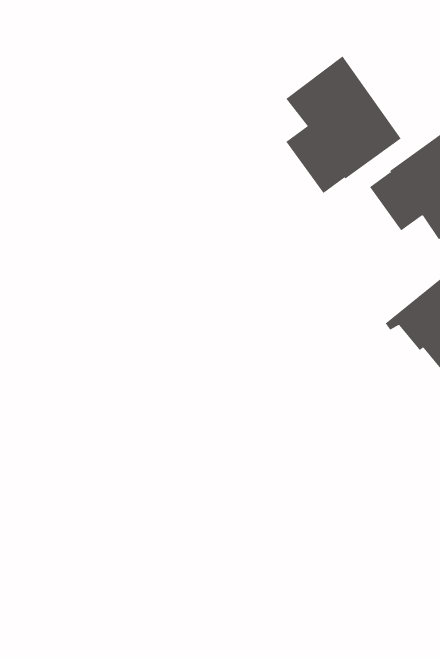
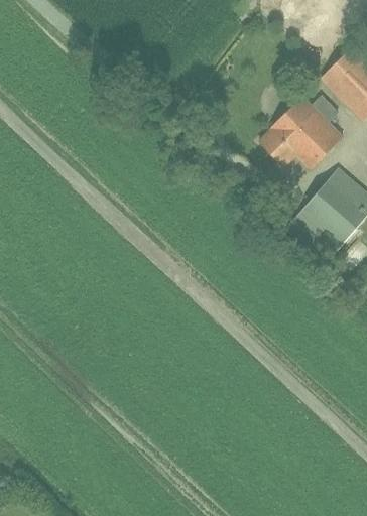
building: [286,55,401,194] -> none

